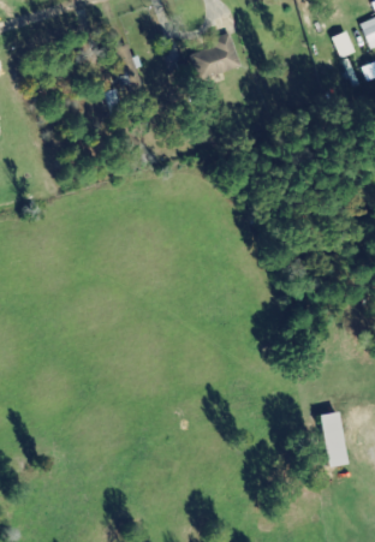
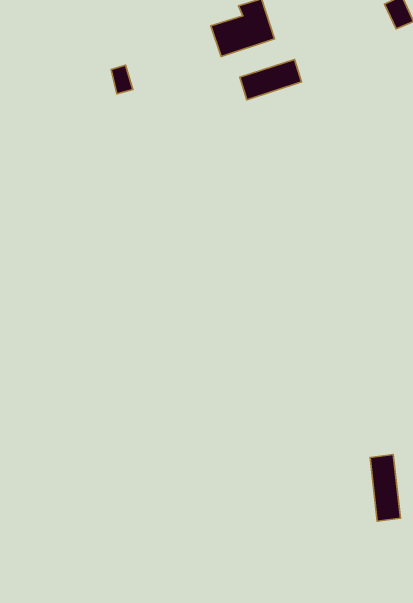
building: none -> [240,59,302,100]

